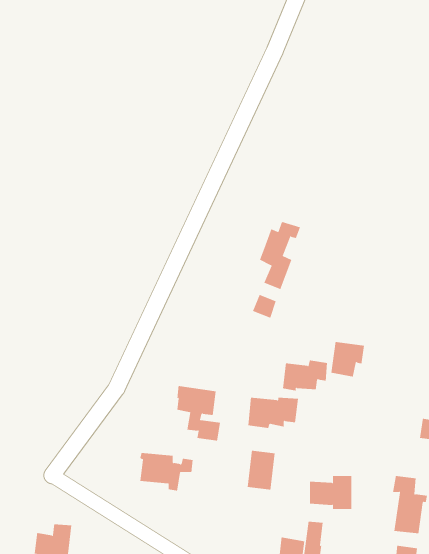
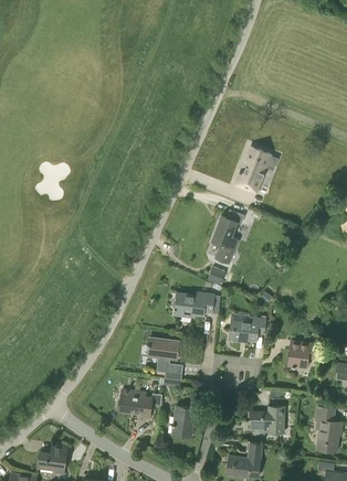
building: none -> [233,146,272,195]
building: [331,341,365,377] -> [288,341,315,368]
building: [247,397,299,428] -> [175,293,214,318]
building: [247,450,275,490] -> [172,406,194,437]

